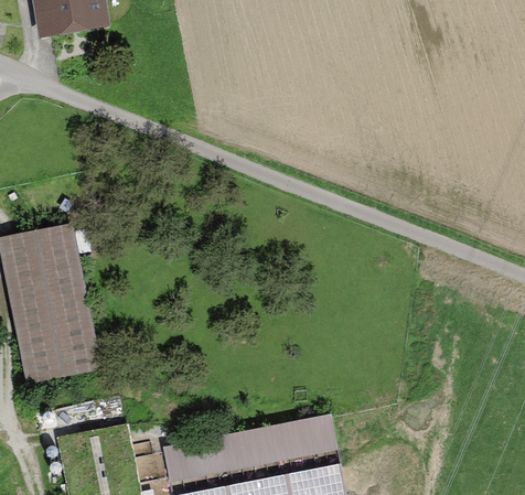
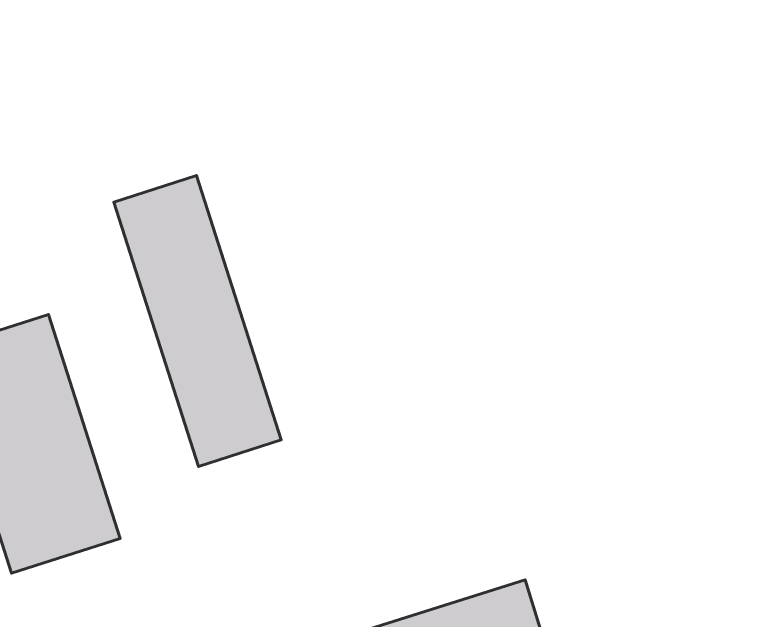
building: none -> [114,176,281,467]

